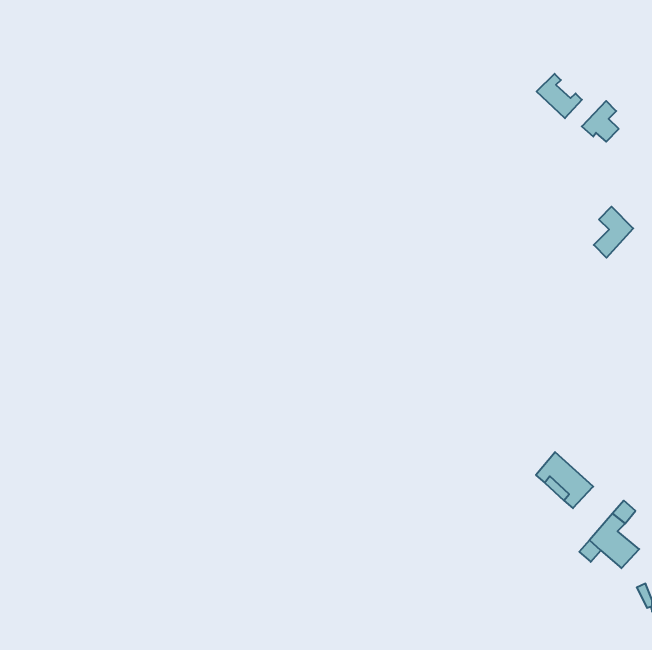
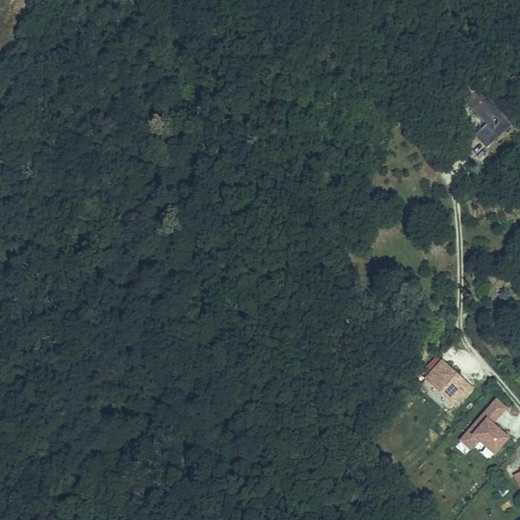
building: [537,74,582,118] -> none
building: [594,207,633,258] -> [478,103,510,143]

